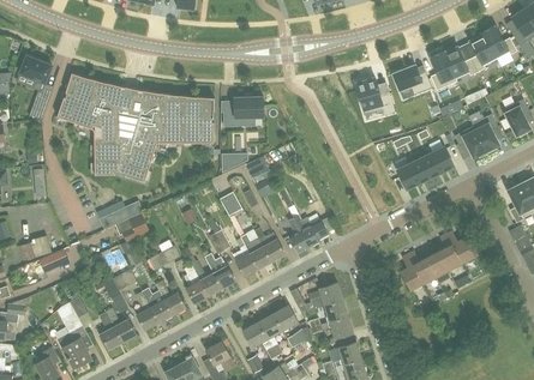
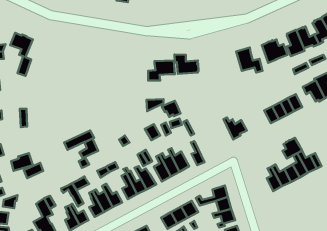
building: [55,72,214,182] -> none
building: none -> [175,54,198,74]
building: none -> [283,138,302,159]
building: [293,215,328,247] -> [224,118,247,139]

